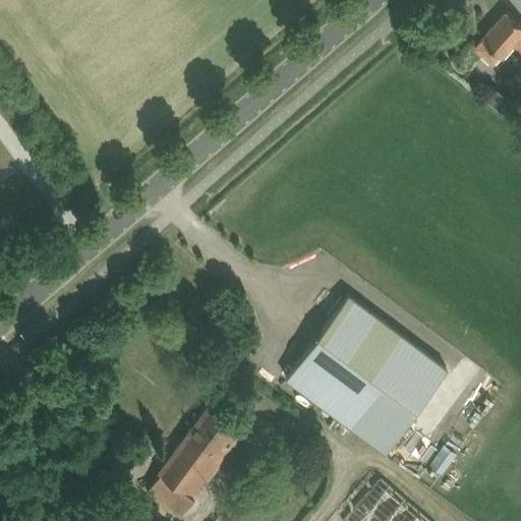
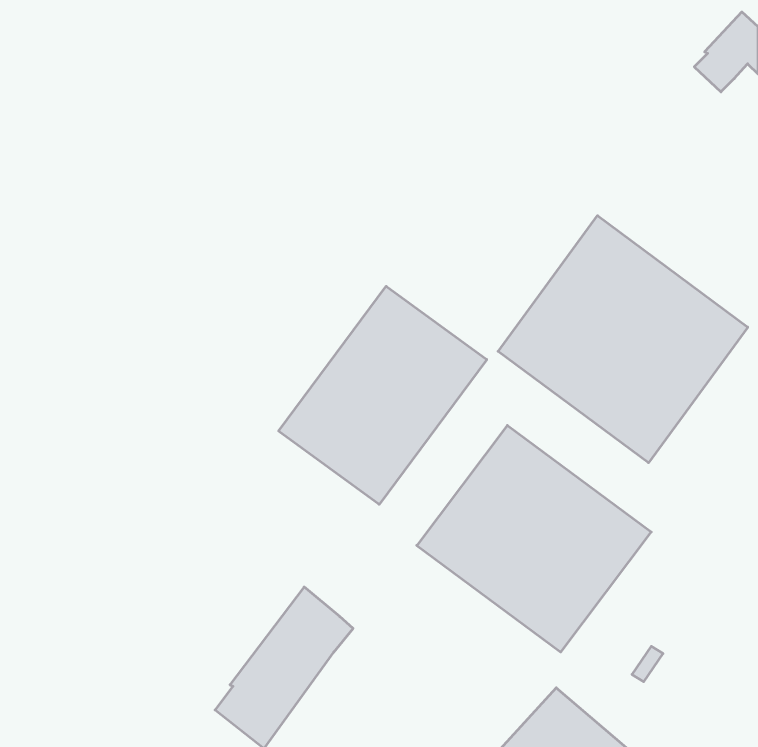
building: none -> [498,216,748,463]
building: none -> [279,286,487,504]

